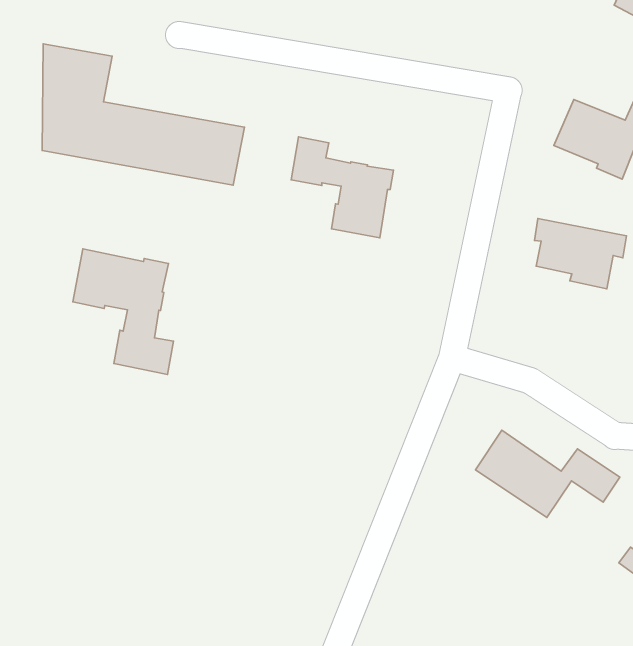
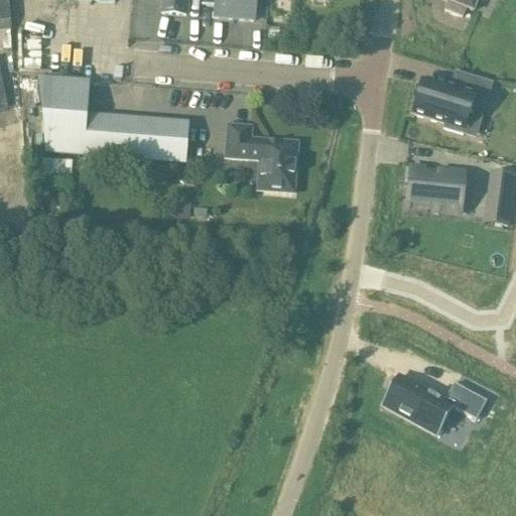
building: [73,249,174,375] -> none
building: [475,430,620,518] -> [383,372,487,431]

